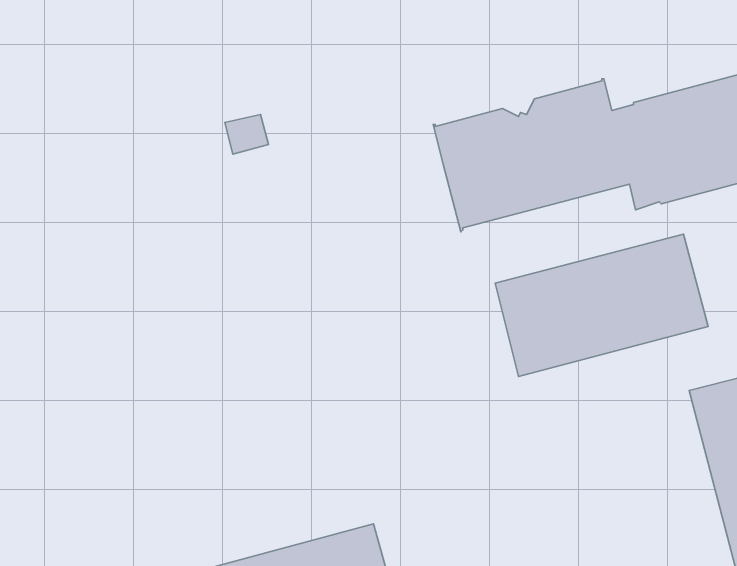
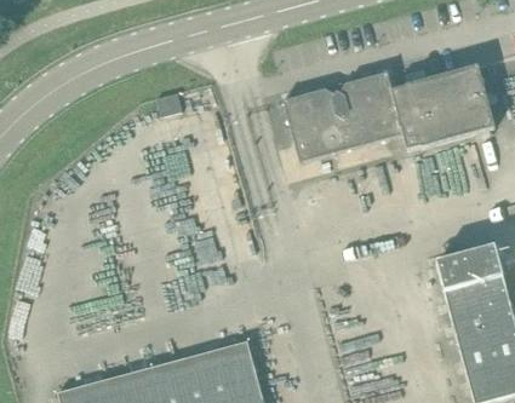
building: [495,234,708,377] -> none

